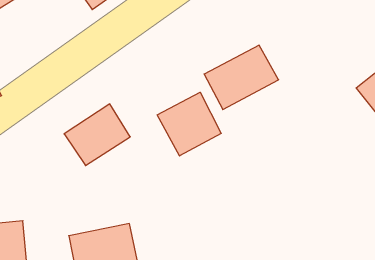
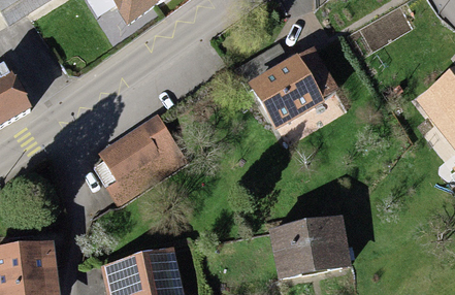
building: [157,92,221,156] -> none
building: none -> [274,222,350,280]

